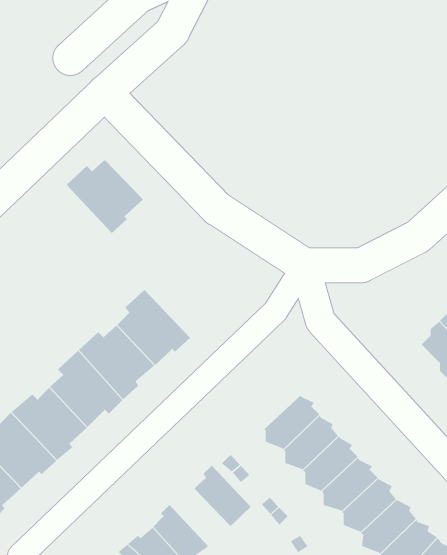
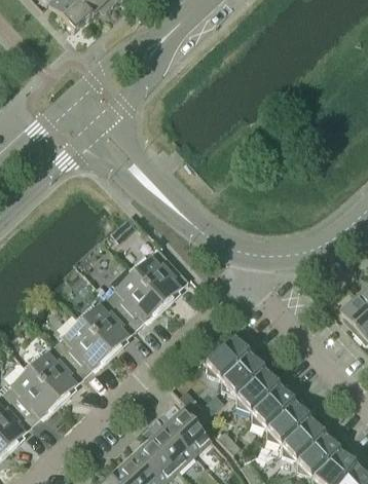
building: [66,158,144,234] -> [127,249,188,307]
building: none -> [205,335,249,378]
building: none -> [147,424,194,470]

